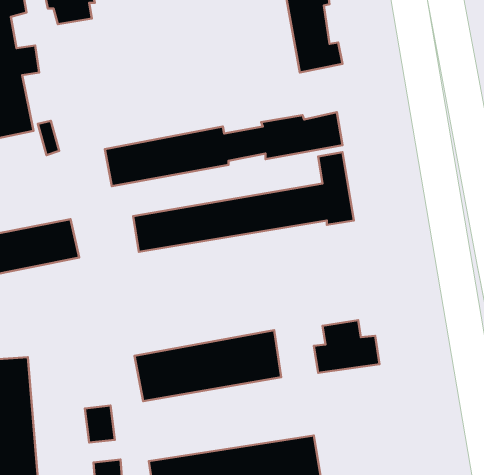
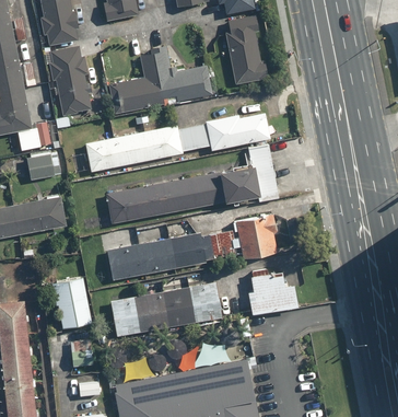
building: none -> [106,47,213,115]
building: none -> [49,49,92,126]
building: none -> [26,153,62,181]
building: none -> [236,216,277,259]
building: none -> [103,223,234,281]
building: none -> [58,280,87,328]

